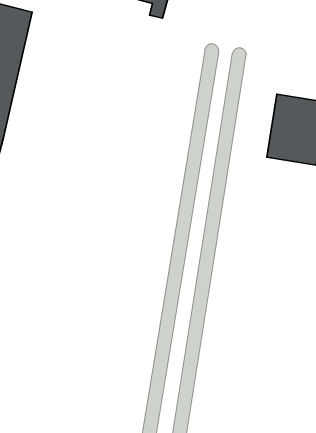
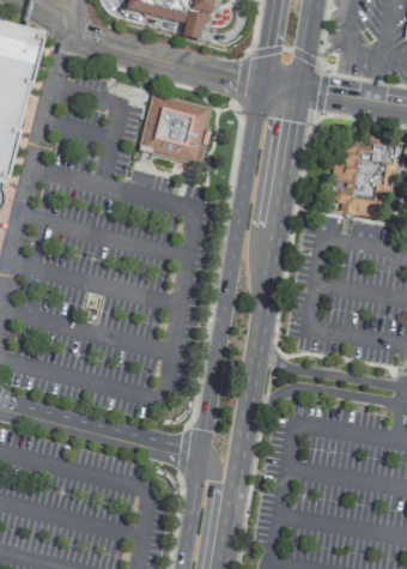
building: none -> [134,91,208,168]

